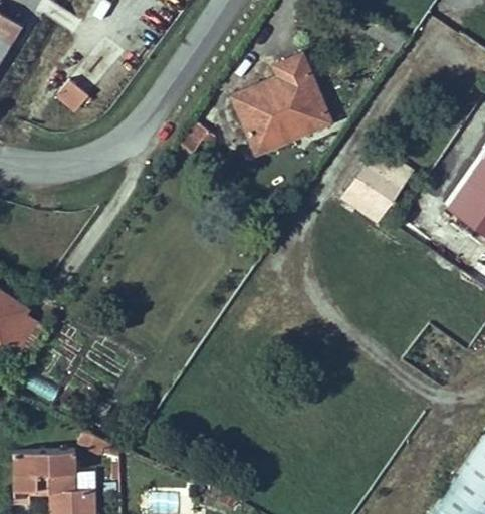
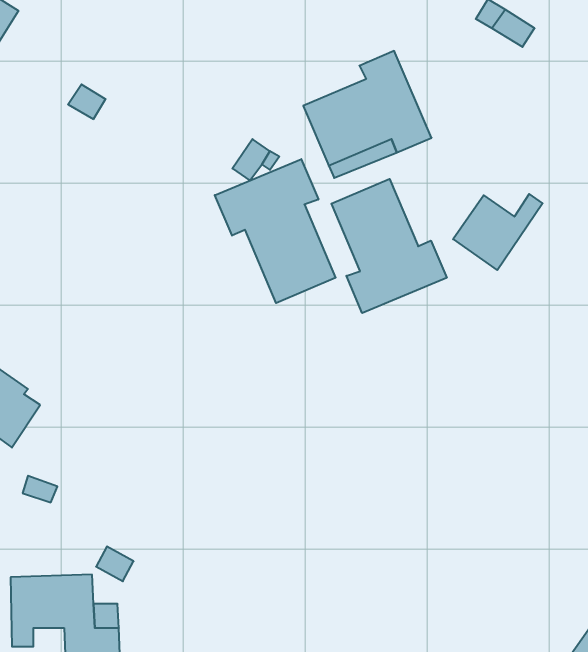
building: none -> [215,159,336,303]
building: none -> [331,179,447,313]

